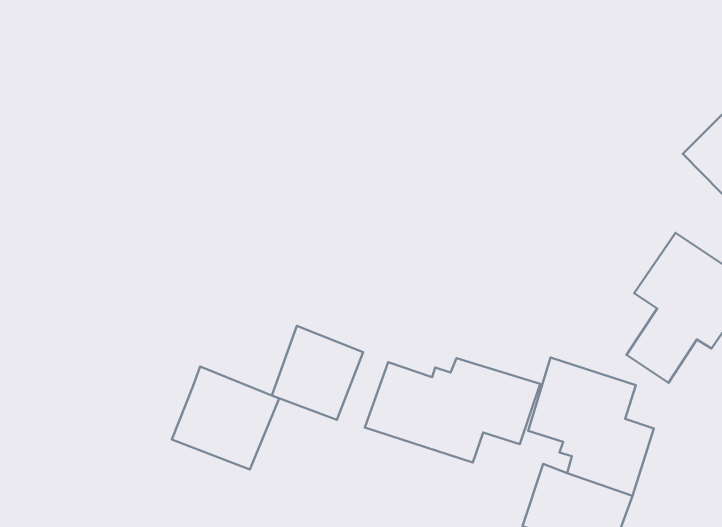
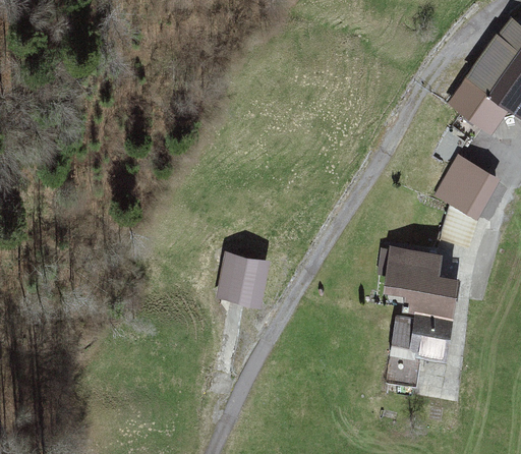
building: [365,358,540,463] -> none
building: [172,366,279,469] -> none

